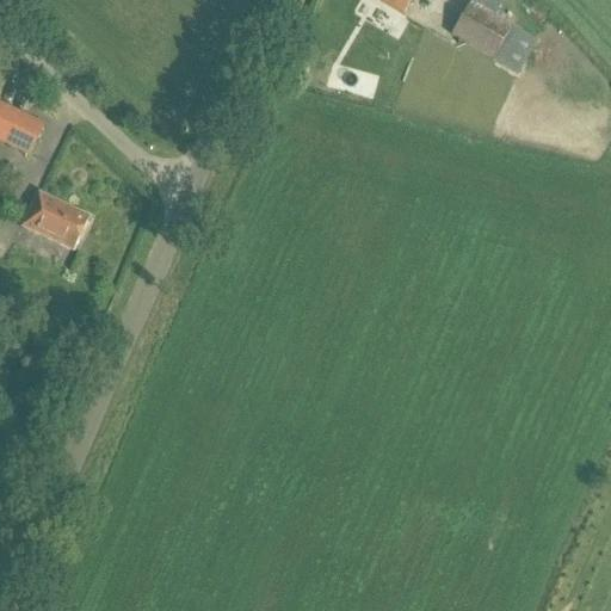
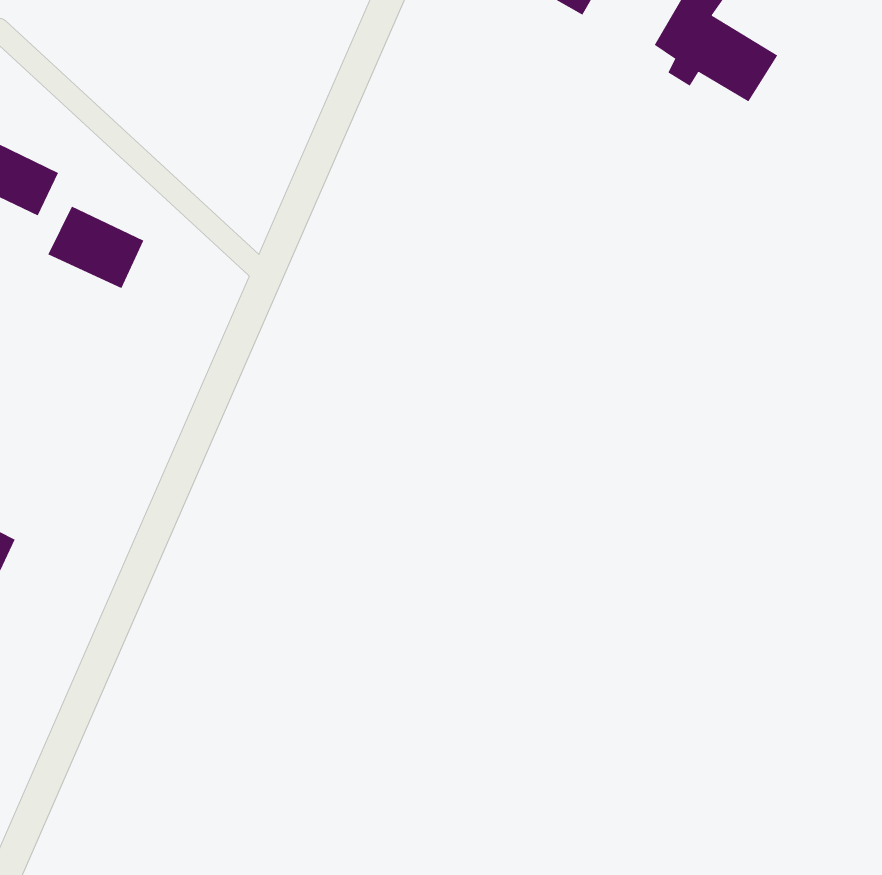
building: [21,190,88,247] -> [47,206,144,289]

